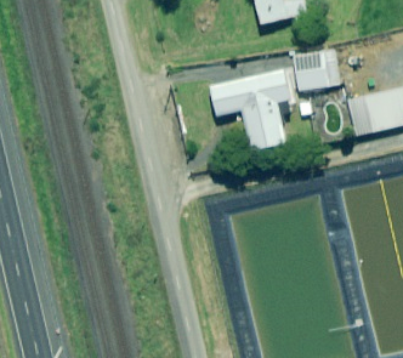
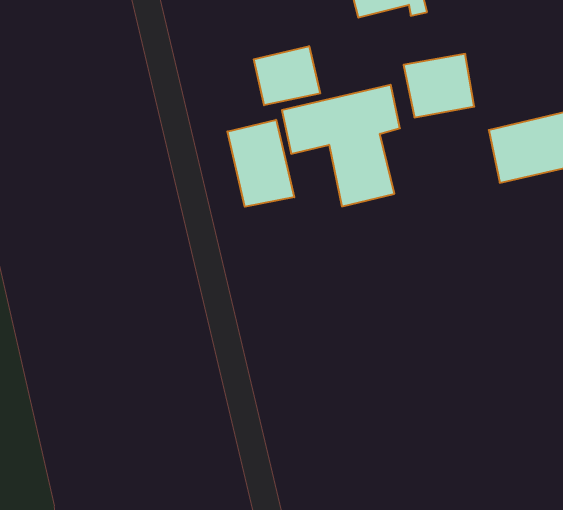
building: none -> [254,46,320,105]
building: none -> [227,120,294,207]

